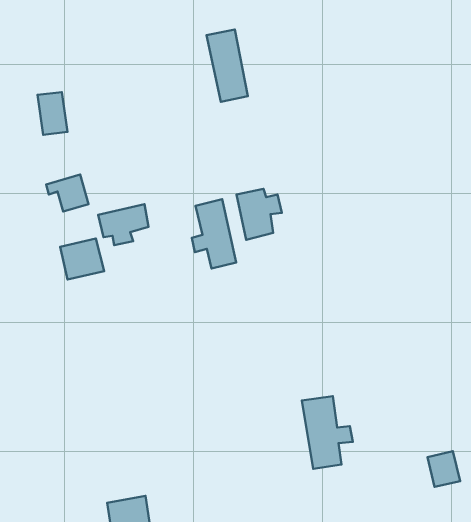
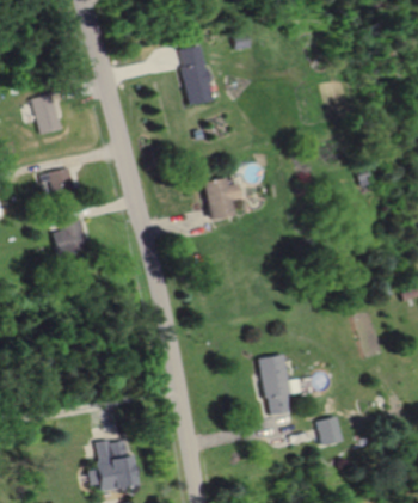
building: [192,199,236,268] -> none
building: [98,204,148,245] -> none
building: [427,451,460,487] -> [316,416,344,446]

